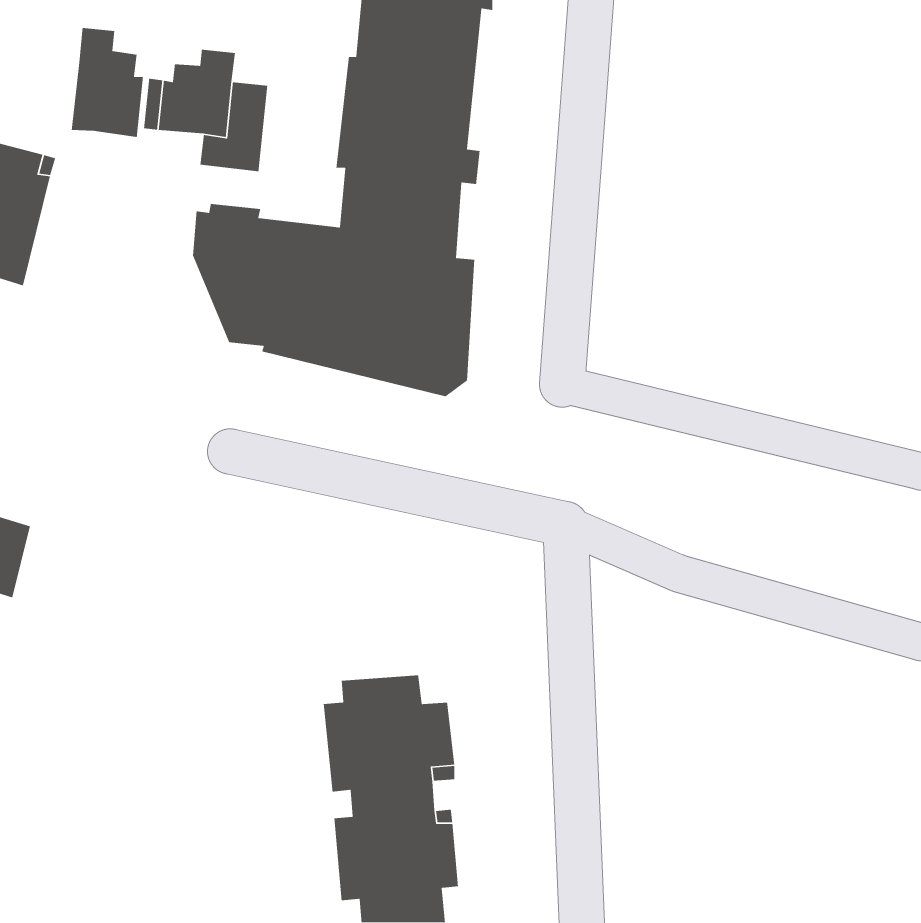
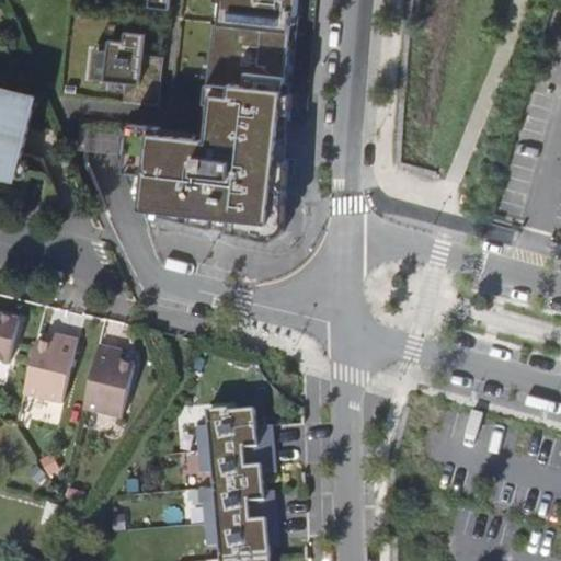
building: [71,27,144,138] -> none
building: none -> [23,334,77,400]
building: none -> [82,343,134,415]

